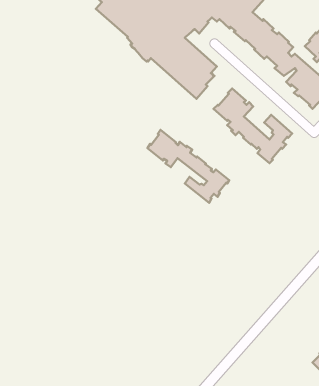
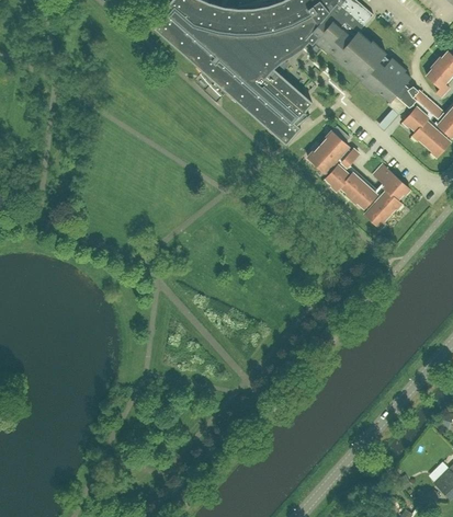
building: [147,130,229,203] -> none

